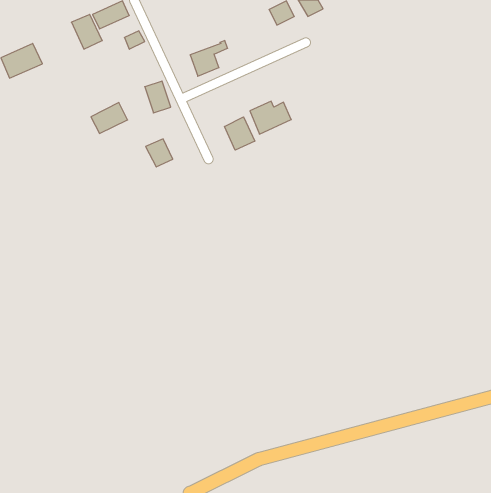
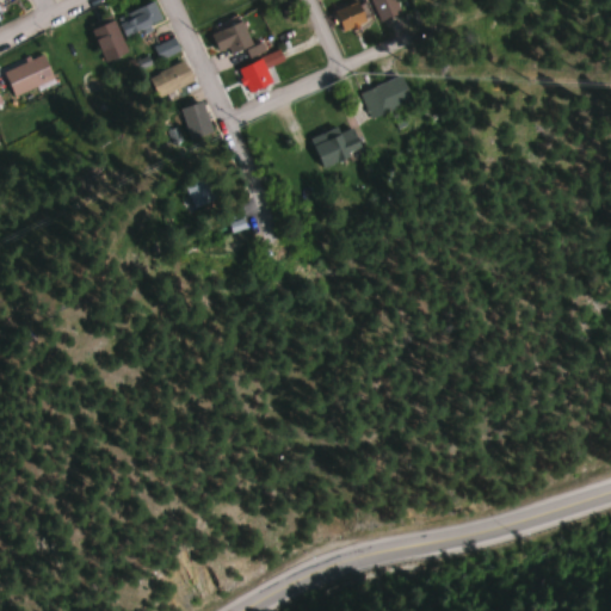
building: none -> [212,23,251,55]
building: none -> [362,75,413,117]
building: [91,103,128,133] -> [149,60,195,98]
building: [225,117,255,150] -> none

